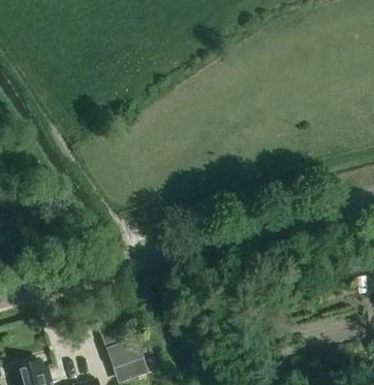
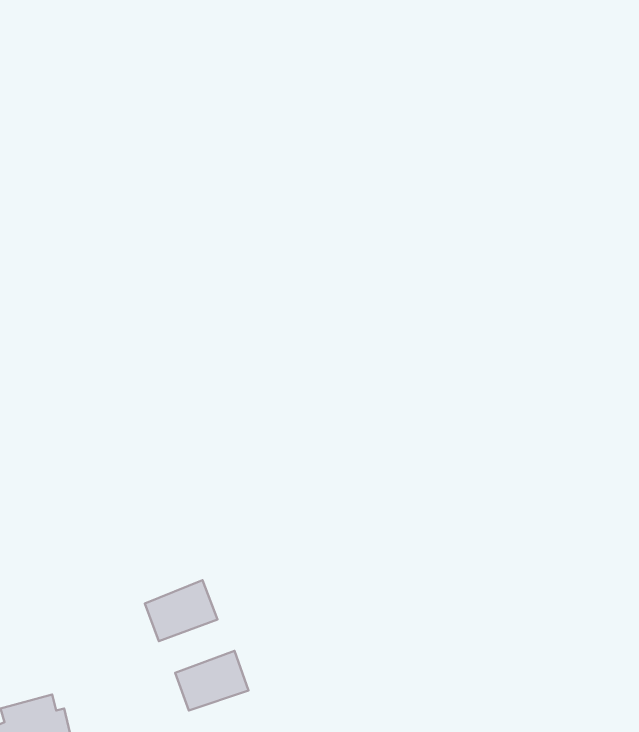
building: none -> [145,580,218,641]

